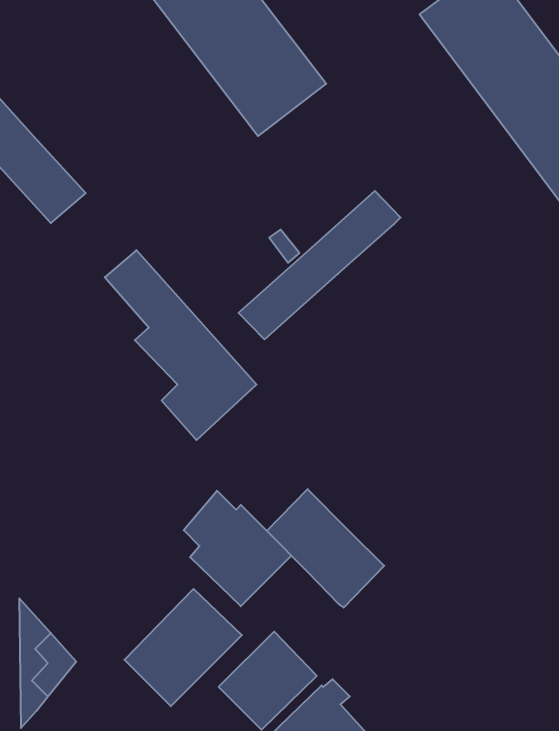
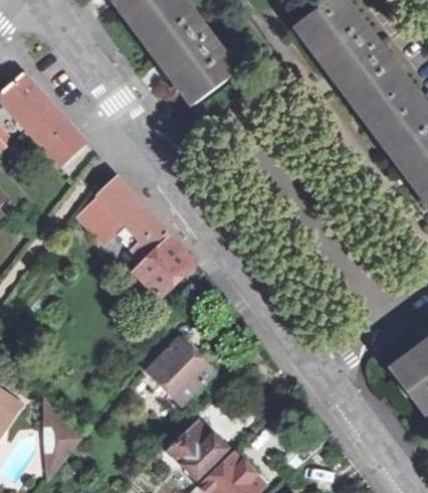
building: [239,191,401,339] -> none
building: none -> [74,194,126,248]
building: [267,489,384,608] -> none
building: [124,589,242,706] -> none

